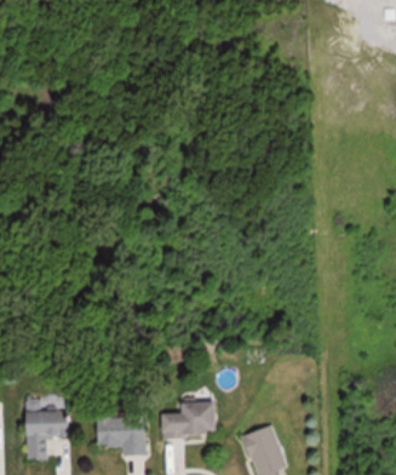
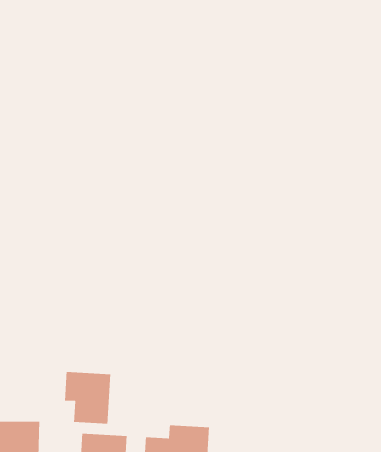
building: none -> [64,371,111,425]

